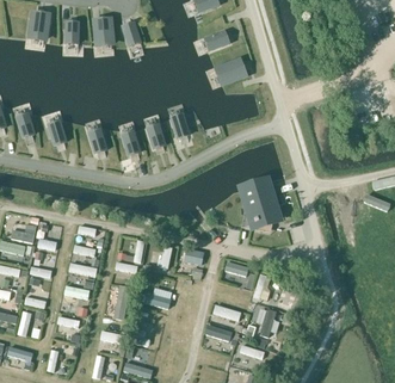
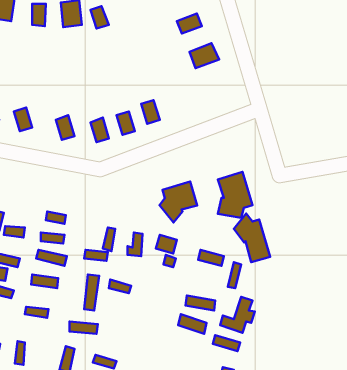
building: none -> [159,182,197,223]
building: none -> [234,213,270,262]

